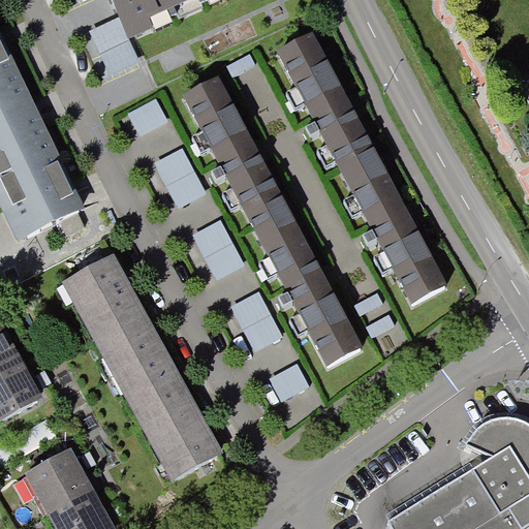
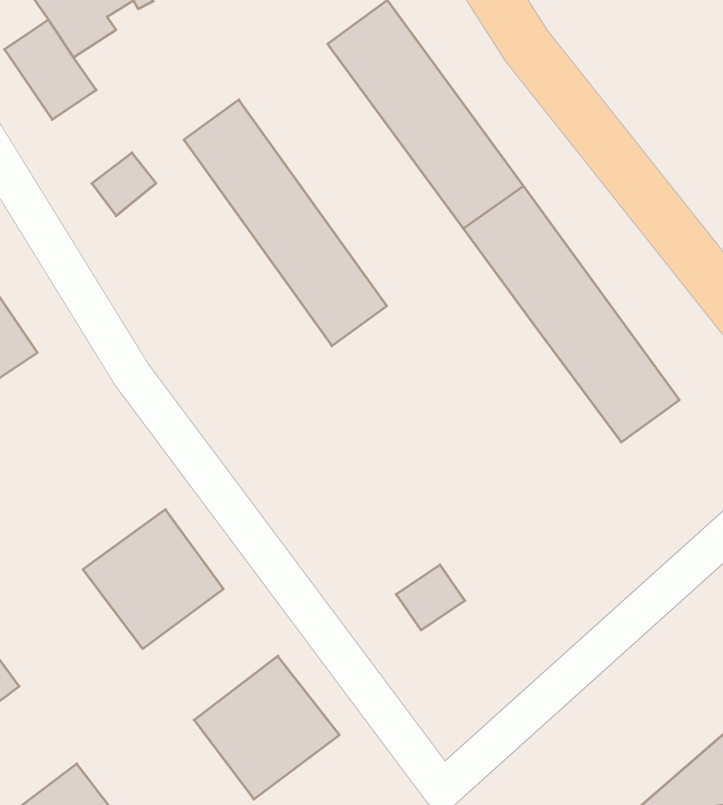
building: [152,146,206,207] -> none
building: [252,209,362,367] -> none
building: [191,218,245,279] -> none
building: [62,255,143,336] -> none
building: [229,289,284,350] -> none
building: [118,359,195,432] -> none

